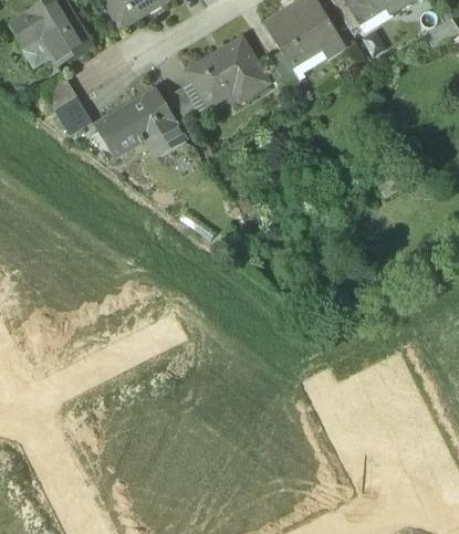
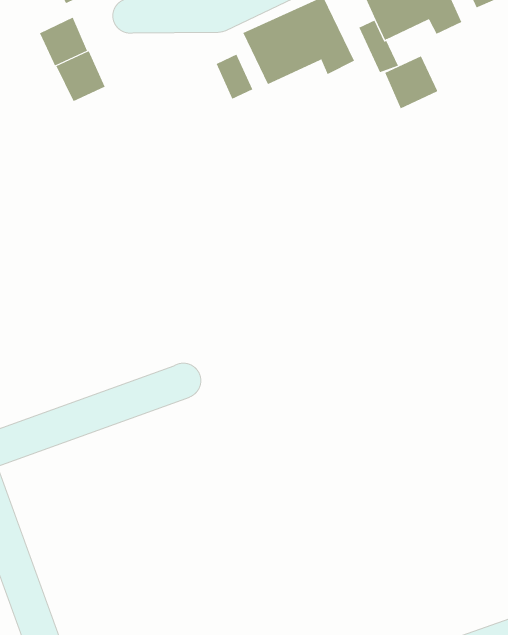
building: none -> [385,55,438,109]
building: [95,90,185,157] -> none

